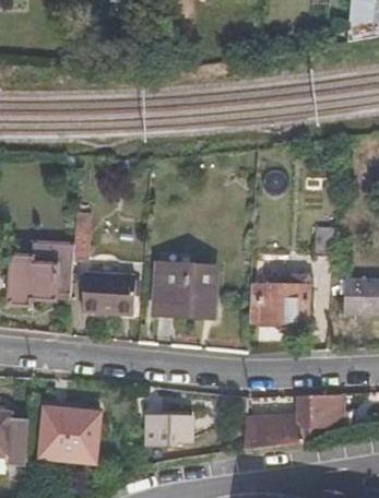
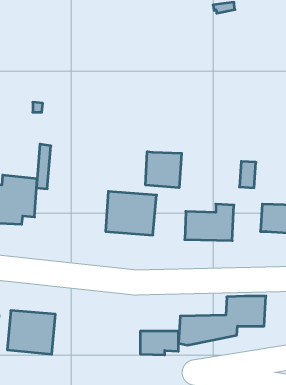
building: none -> [146,152,182,188]
building: [83,277,133,316] -> none
building: [144,407,190,436] -> [140,331,178,355]

